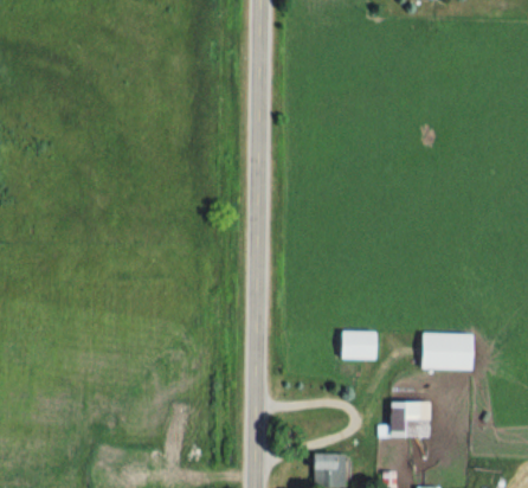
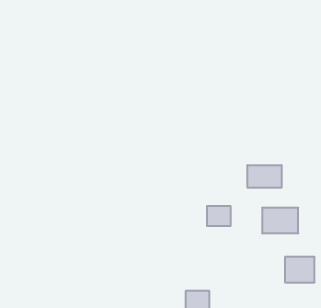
building: none -> [247,165,282,188]
building: [391,400,433,437] -> [285,257,315,282]

